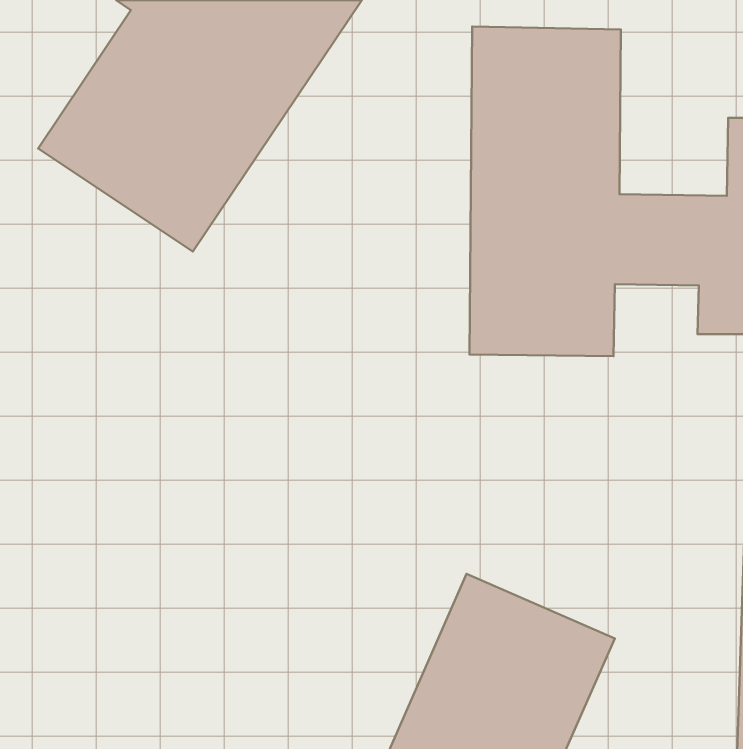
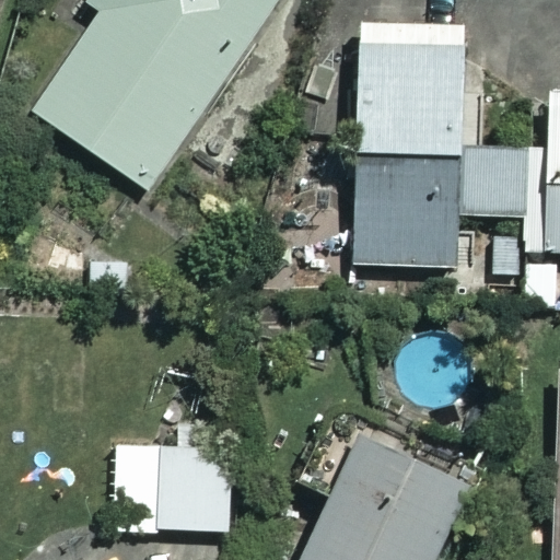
building: none -> [118,428,233,533]

